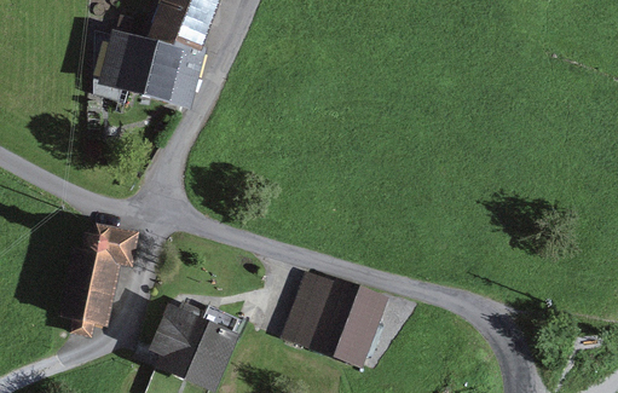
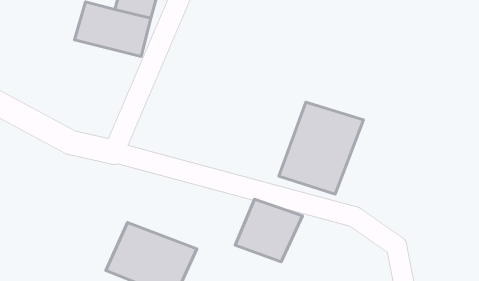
building: none -> [279,102,364,194]
building: [46,221,137,322] -> none

